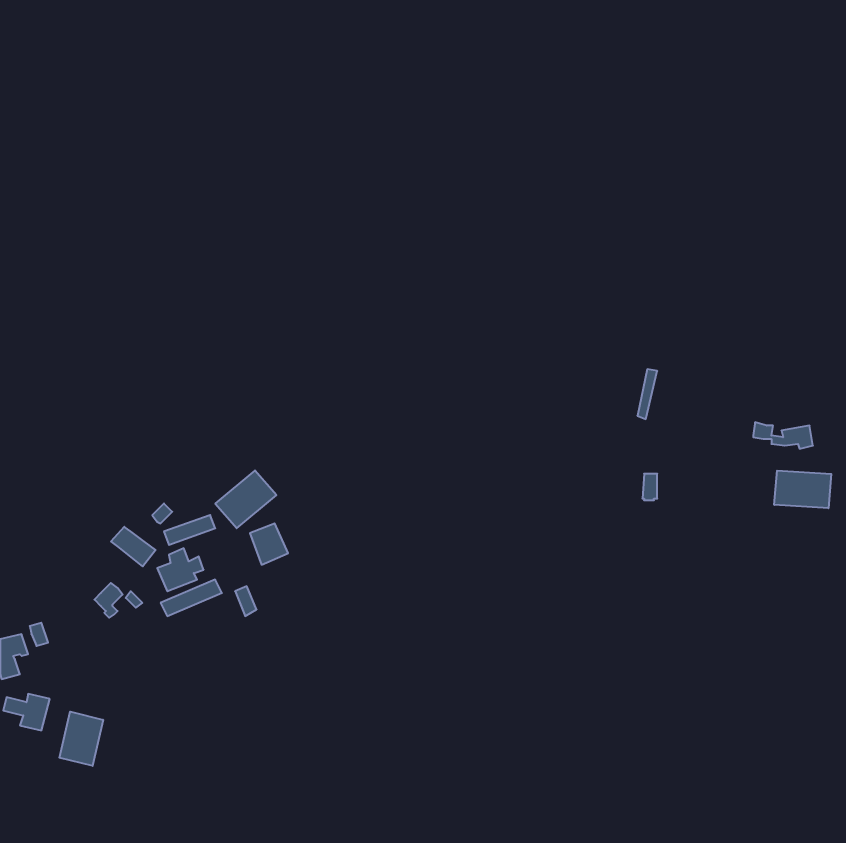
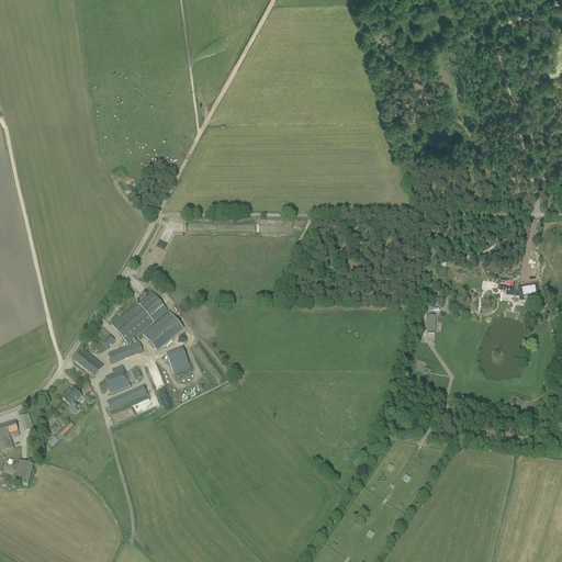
building: none -> [112,291,168,342]
building: [774,471,831,508] -> none
building: [59,712,103,766] -> none

